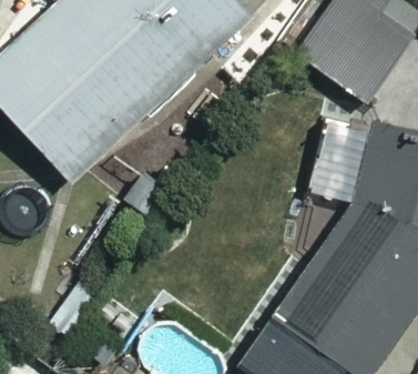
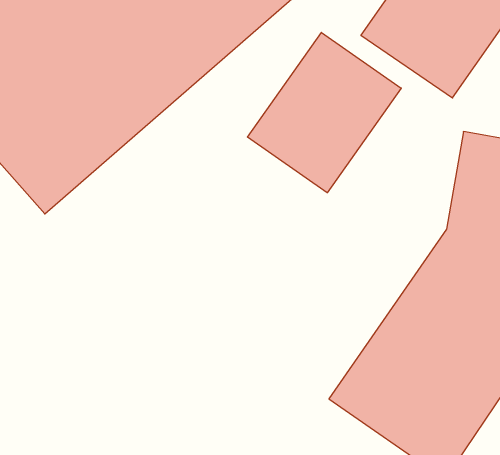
building: none -> [247,32,401,193]

